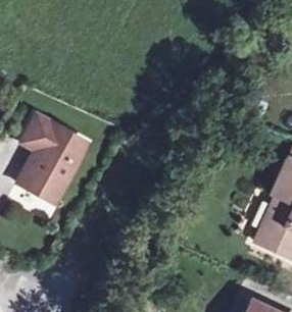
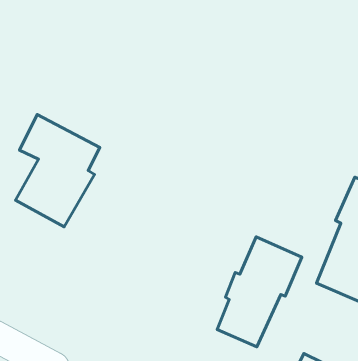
building: none -> [217,237,302,347]

